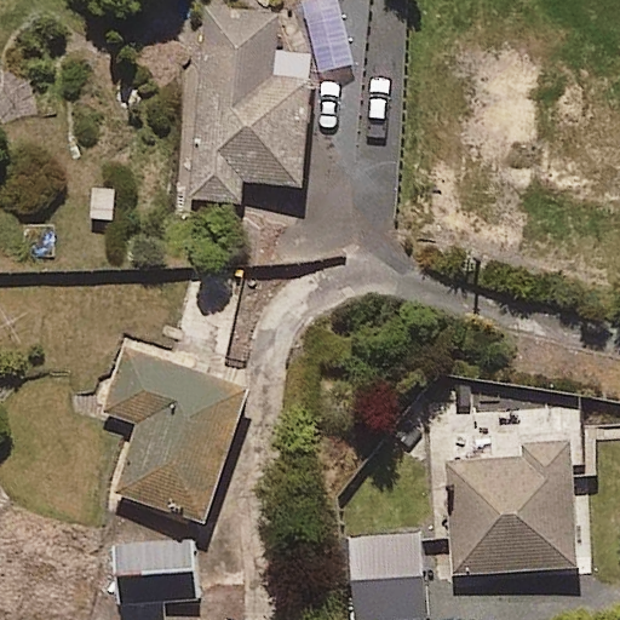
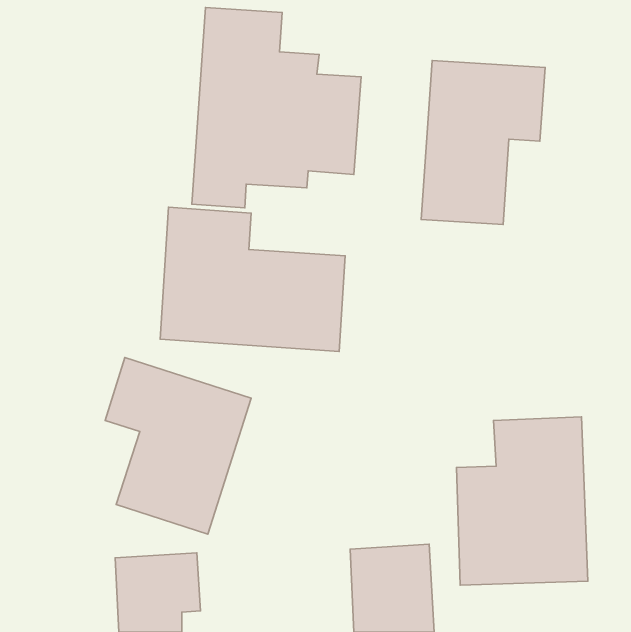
building: none -> [421,60,545,225]
building: none -> [160,207,345,351]

